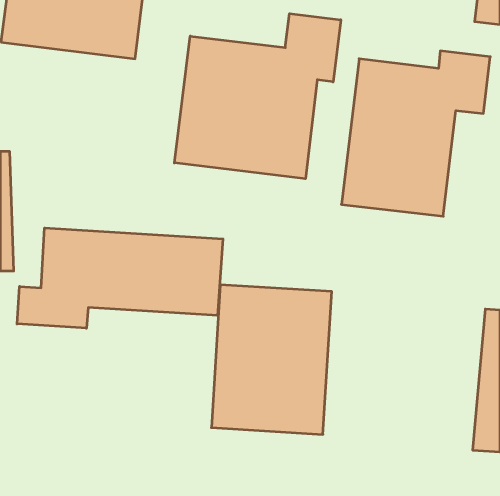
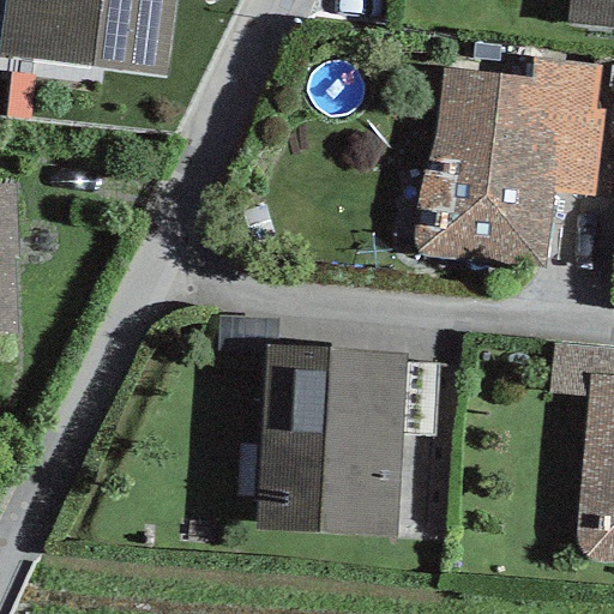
building: [174,14,341,179] -> none
building: [17,228,223,328] -> none

